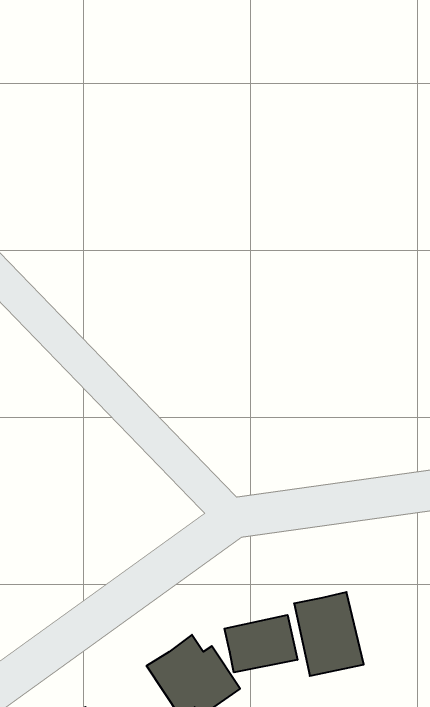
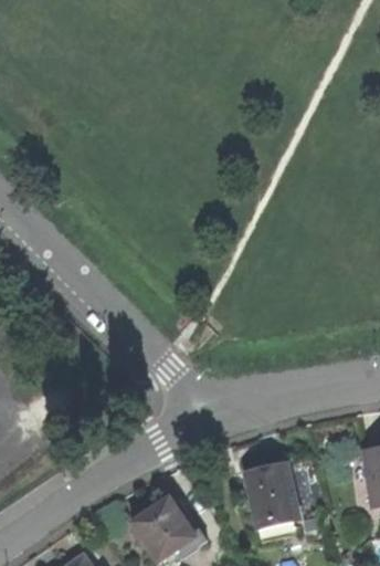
building: [224,615,297,672] -> none

